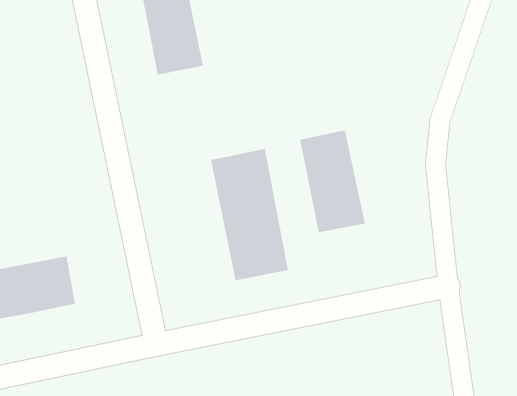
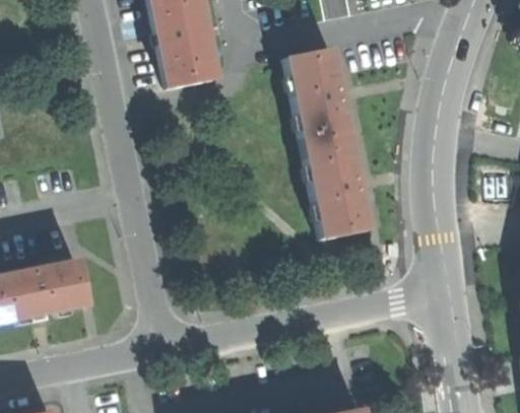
building: none -> [288,48,351,147]
building: [210,148,289,281] -> none

